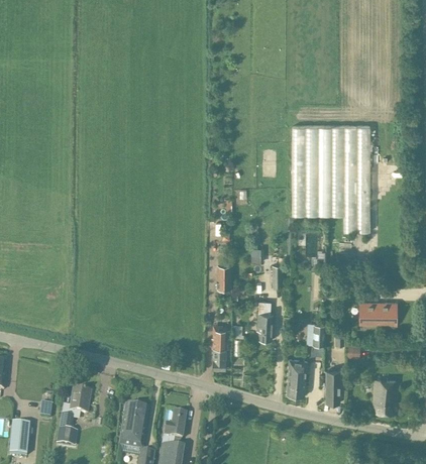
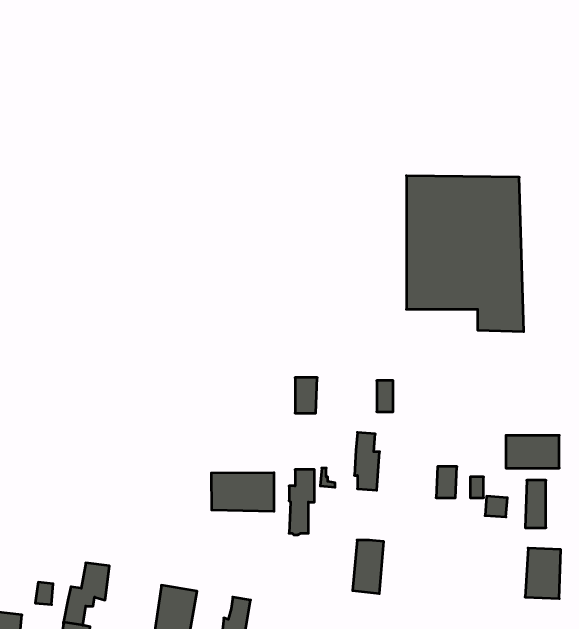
building: none -> [211,473,274,511]
building: [286,358,307,394] -> [353,540,384,594]
building: [325,369,339,401] -> [525,480,546,528]

